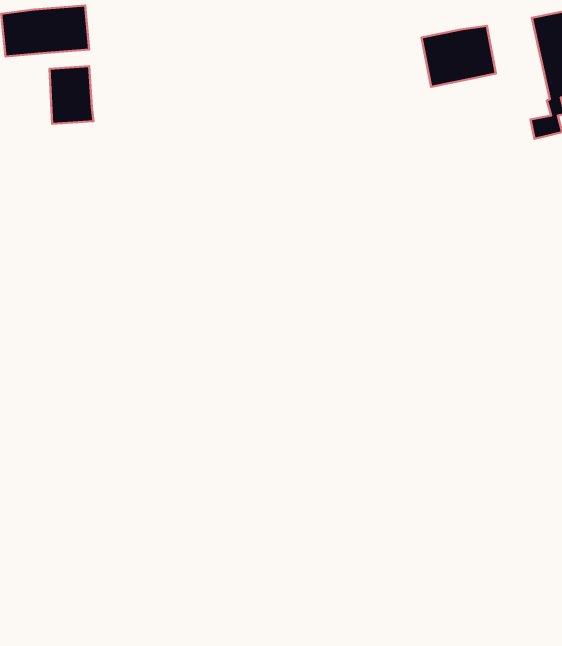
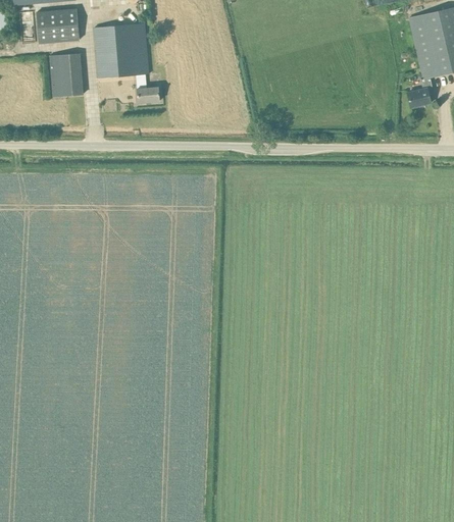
building: [422,26,496,87] -> none
building: none -> [95,23,160,101]

